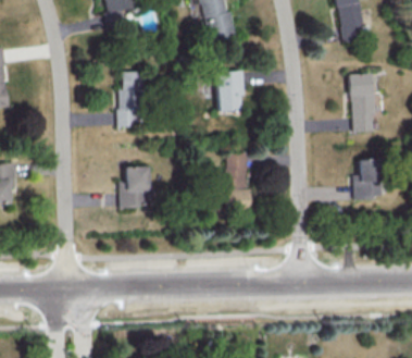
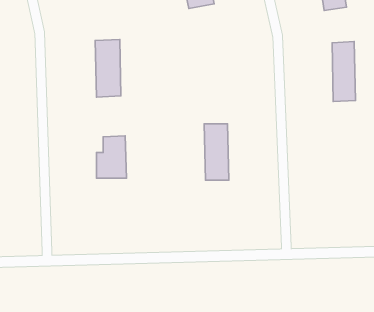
building: [217,70,245,112] -> none
building: [353,159,377,200] -> none

